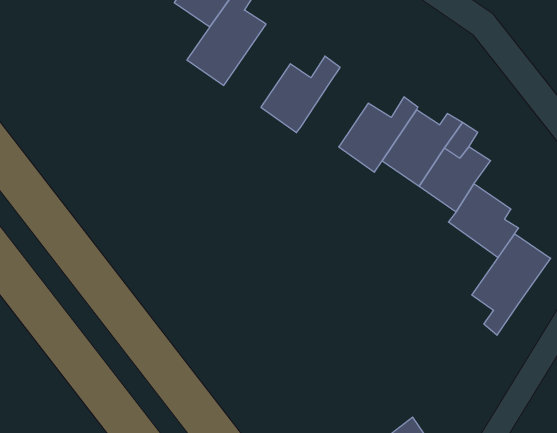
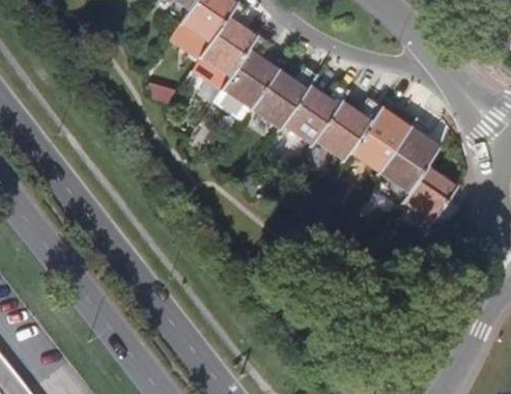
building: none -> [211,36,274,121]
building: none -> [282,84,345,144]
building: [472,234,551,335] -> none

